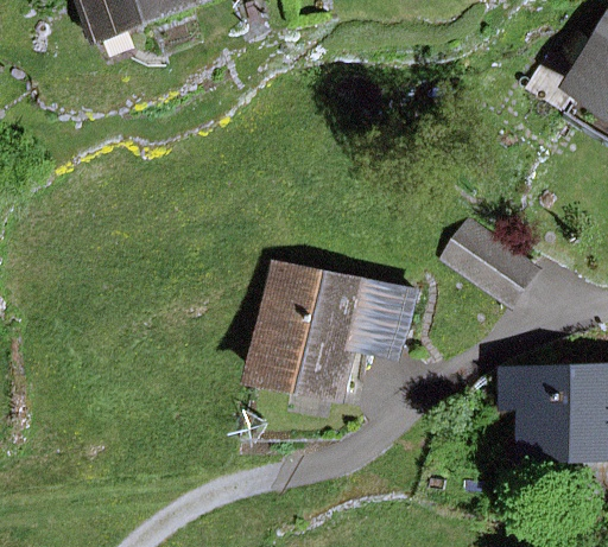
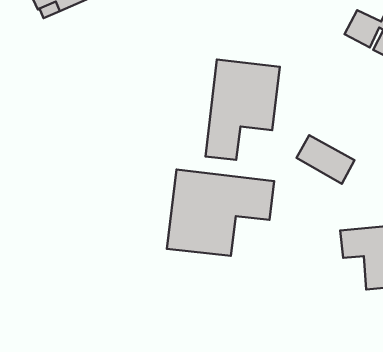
building: none -> [205,60,280,160]

